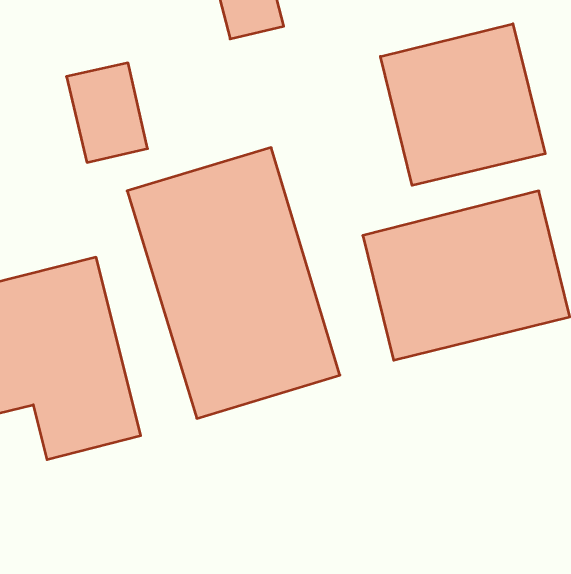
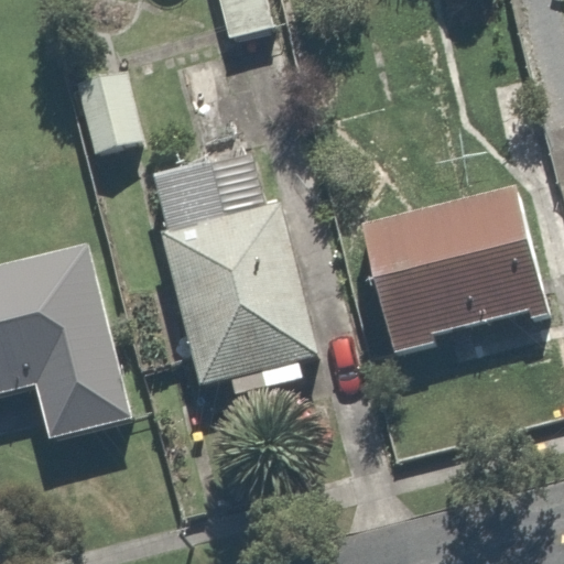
building: [380,24,545,185] -> none

